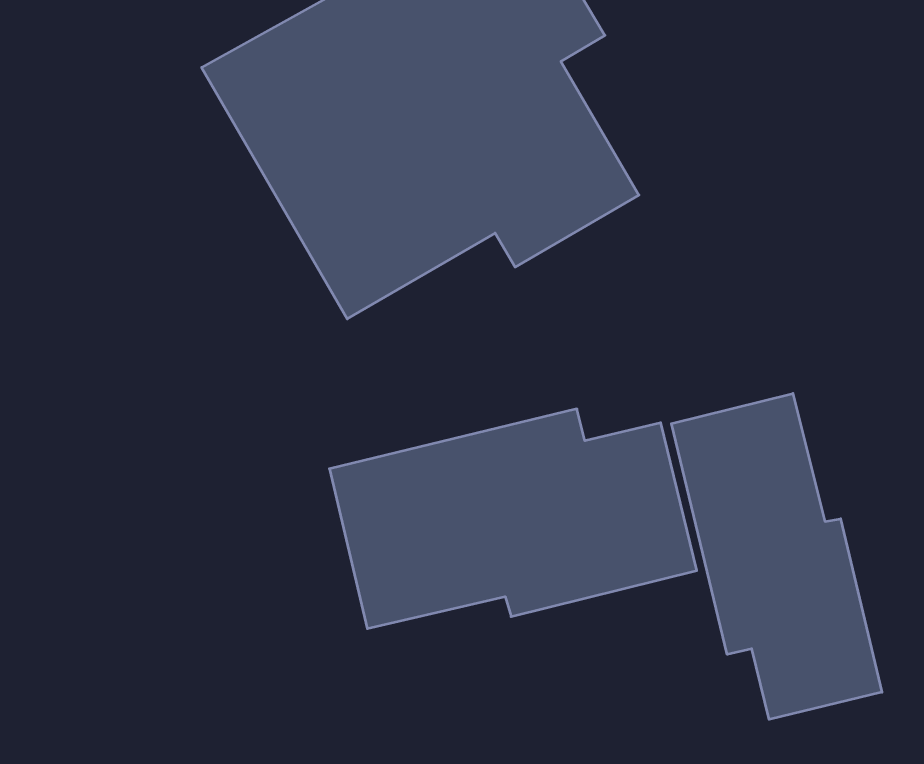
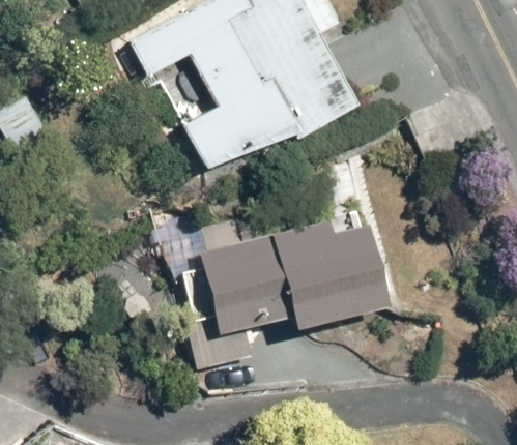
building: [671,393,882,719] -> none

